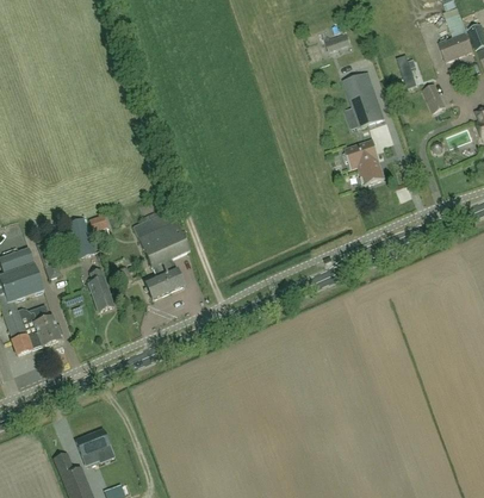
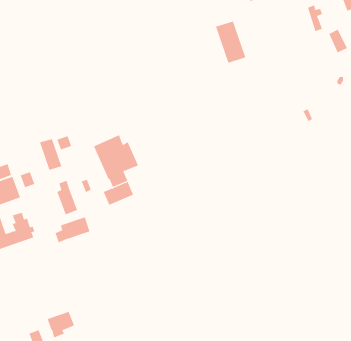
building: [346,73,384,125] -> [215,21,246,63]
building: [343,139,384,185] -> none
building: none -> [55,217,90,243]

